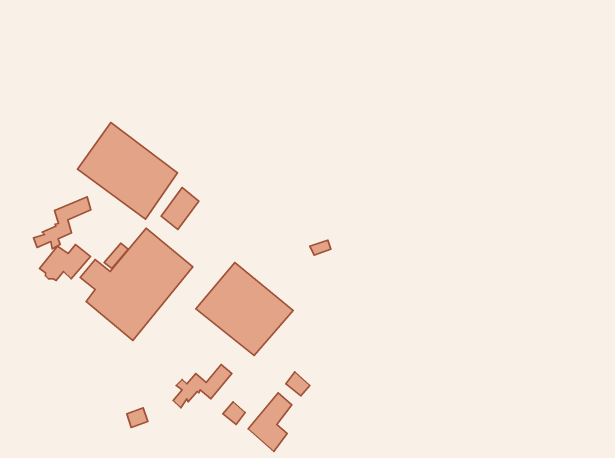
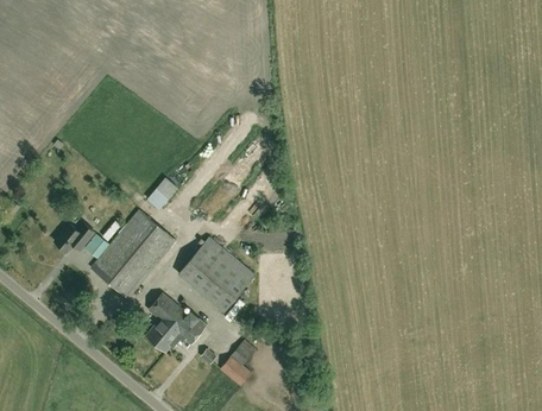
building: [77,122,177,219] -> none
building: [34,197,91,249] -> none
building: none -> [145,293,197,348]

